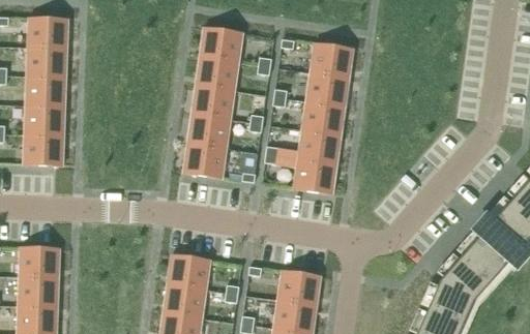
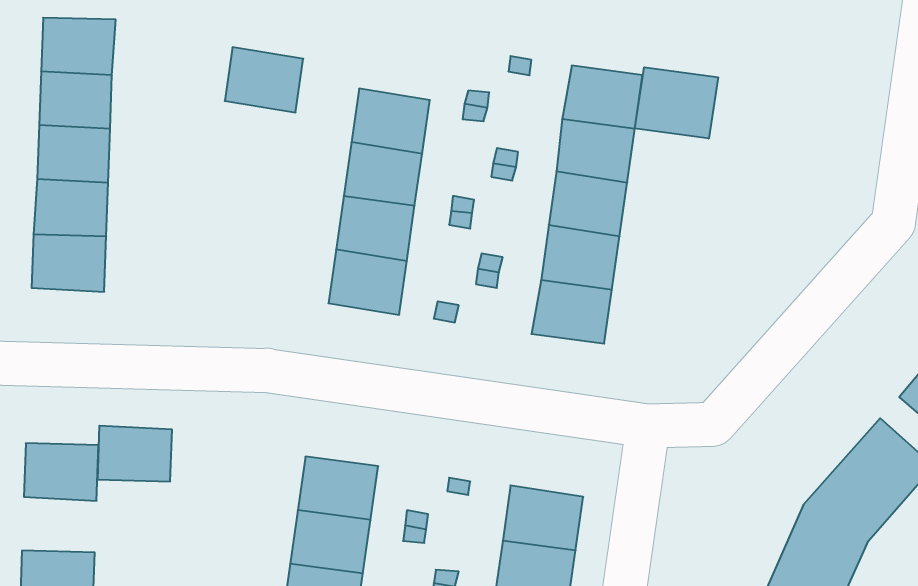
building: [200,27,242,62] -> [225,47,303,112]
building: none -> [635,67,718,139]
building: [18,276,58,306] -> [97,426,172,481]

